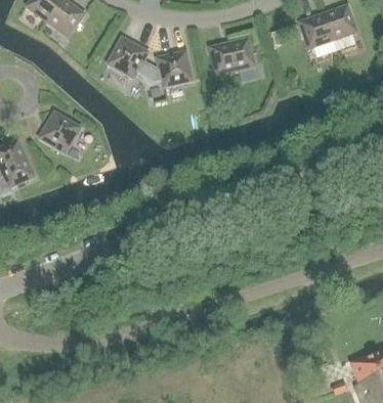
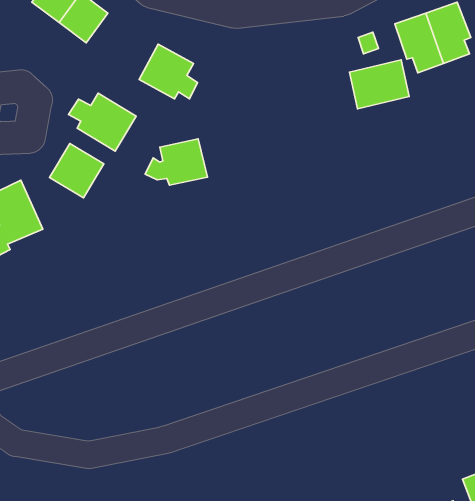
building: [209,37,254,74] -> [349,60,409,109]
building: [144,50,192,85] -> [145,139,208,185]
building: none -> [68,93,136,151]

